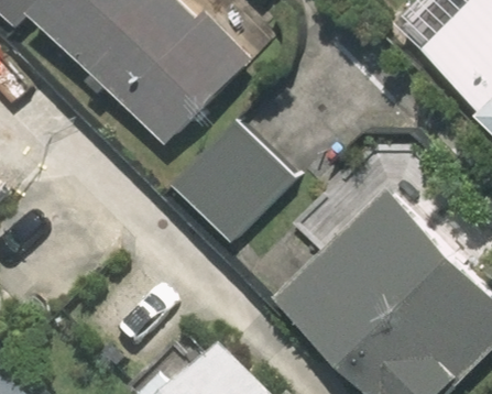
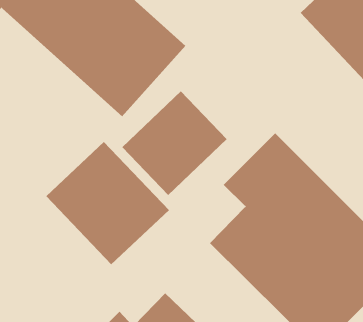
building: none -> [45,141,170,265]

